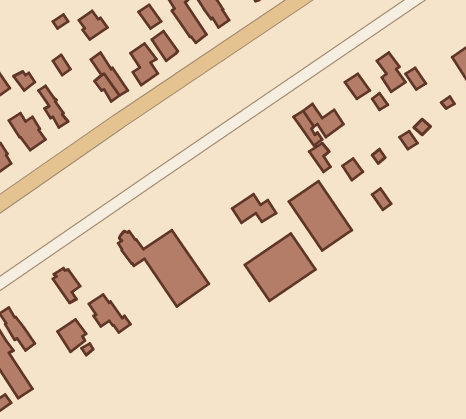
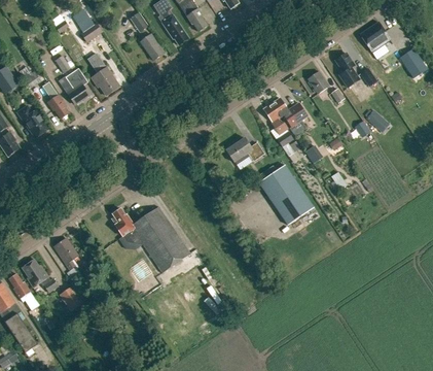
building: none -> [360,21,391,52]
building: [130,44,158,85] -> [66,68,89,104]
building: [232,194,276,223] -> [226,137,264,162]
building: [245,233,315,301] -> none
building: [89,294,131,333] -> [23,259,59,292]

